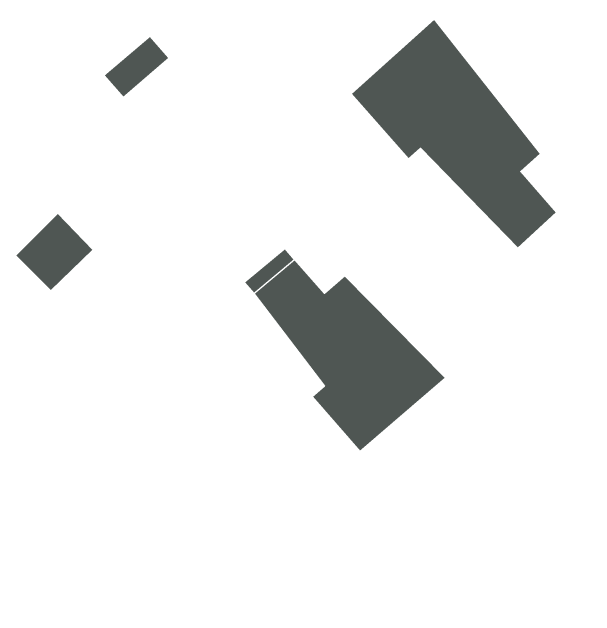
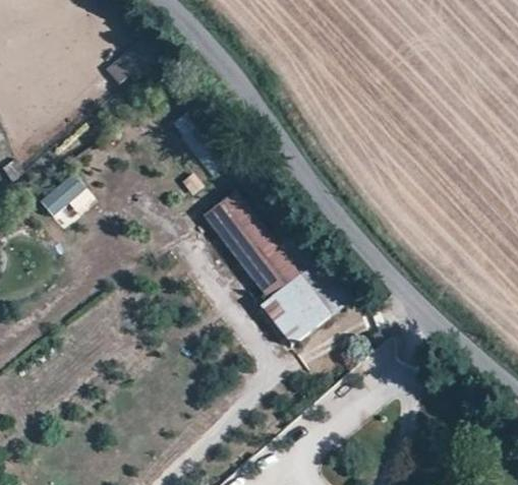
building: [351,19,556,248] -> none

